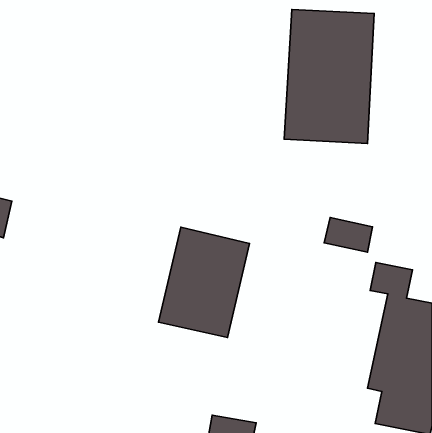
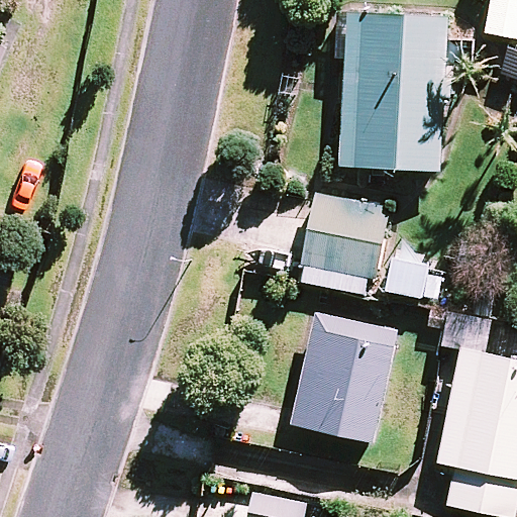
building: none -> [301,194,387,295]
building: [159,227,249,338] -> [290,311,398,442]

